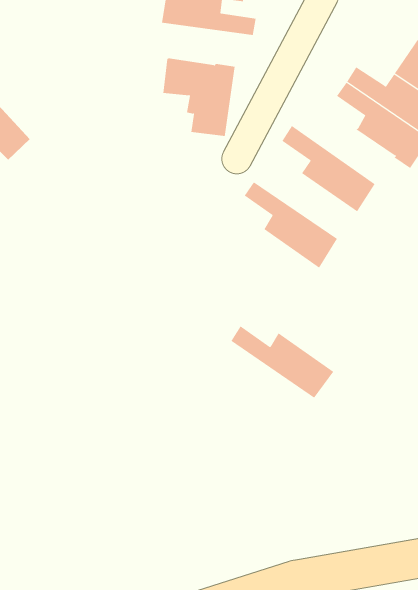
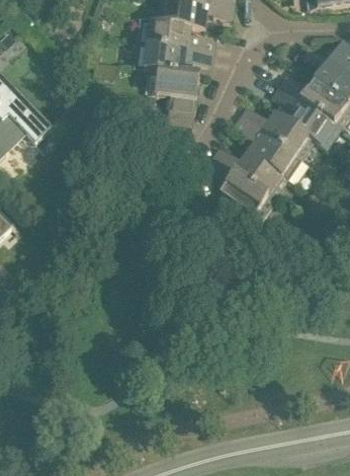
building: none -> [141,42,210,72]
building: none -> [238,105,313,158]
building: [230,325,334,398] -> [210,145,285,197]

